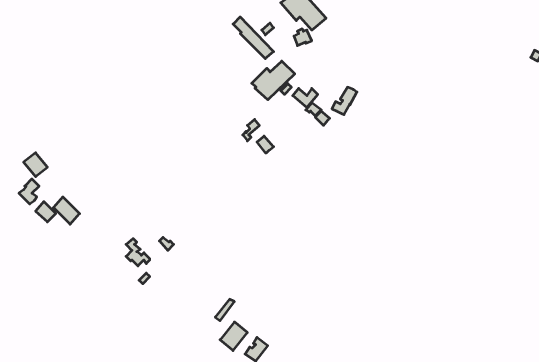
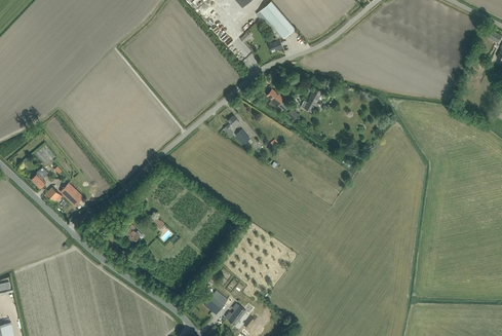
building: [252,61,295,100] -> none

